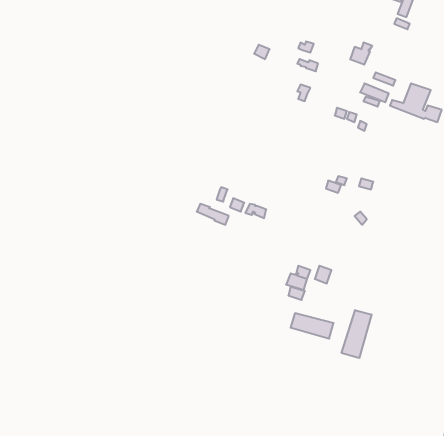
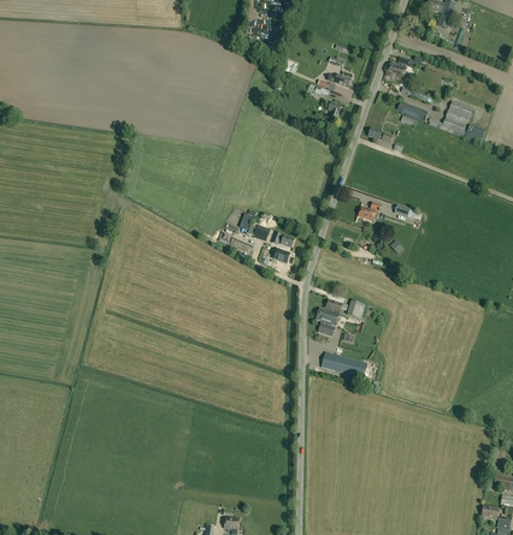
building: [342,310,372,358] -> none

